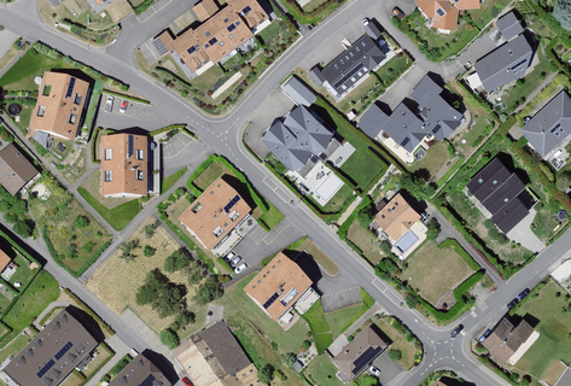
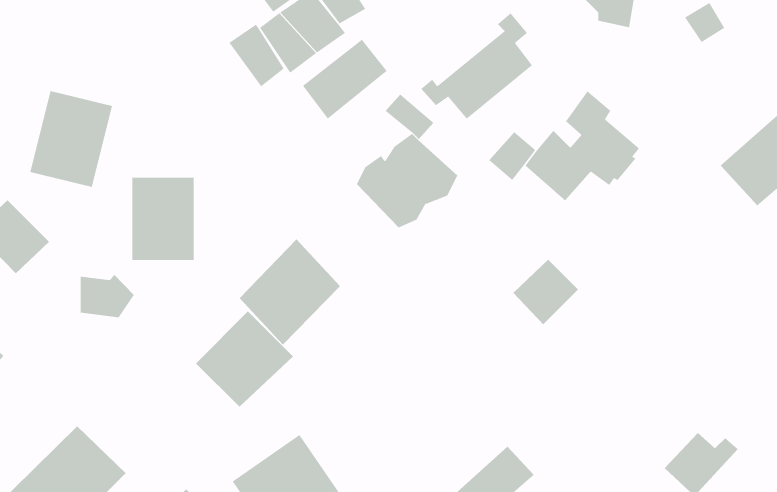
building: [473,34,532,90] -> none
building: none -> [302,39,388,120]
building: [466,156,530,233] -> none
building: none -> [80,274,134,318]
building: [244,255,314,323] -> [195,311,294,408]

